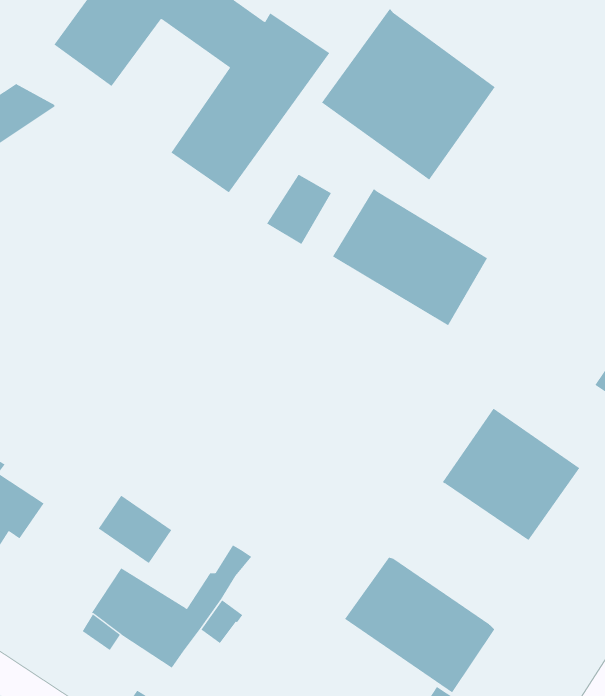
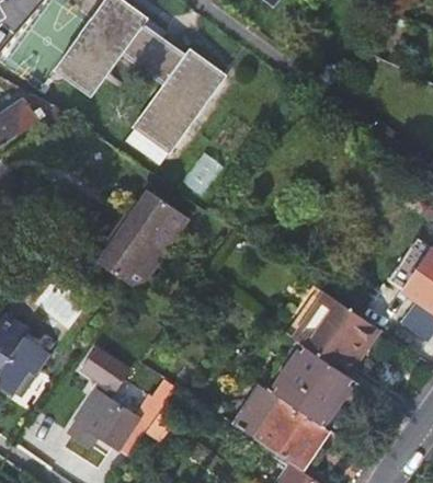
building: [321,8,496,181] -> none
building: [332,188,488,326] -> none
building: none -> [100,191,187,288]
building: none -> [265,341,357,427]

